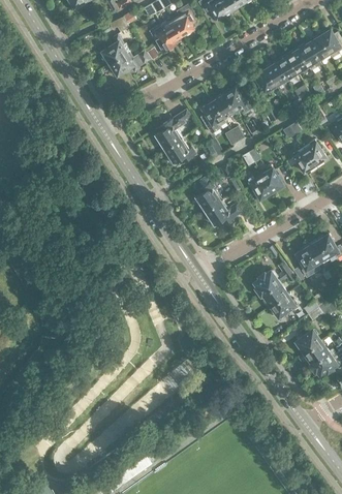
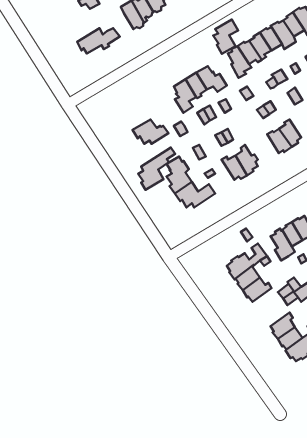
building: [101,34,130,64] -> none
building: none -> [213,19,238,54]
building: [154,109,190,150] -> [138,147,175,190]

